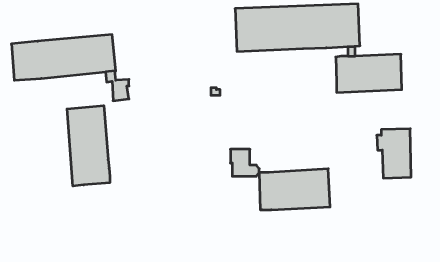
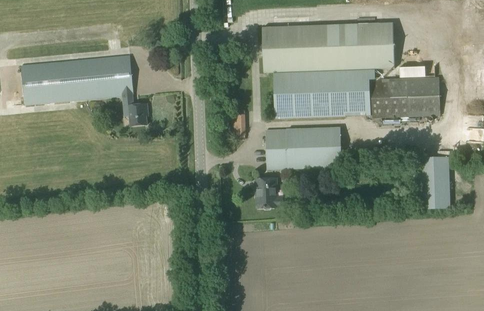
building: none -> [273,69,375,118]
building: [67,106,110,186] -> none
building: [259,169,330,210] -> [266,125,342,169]

